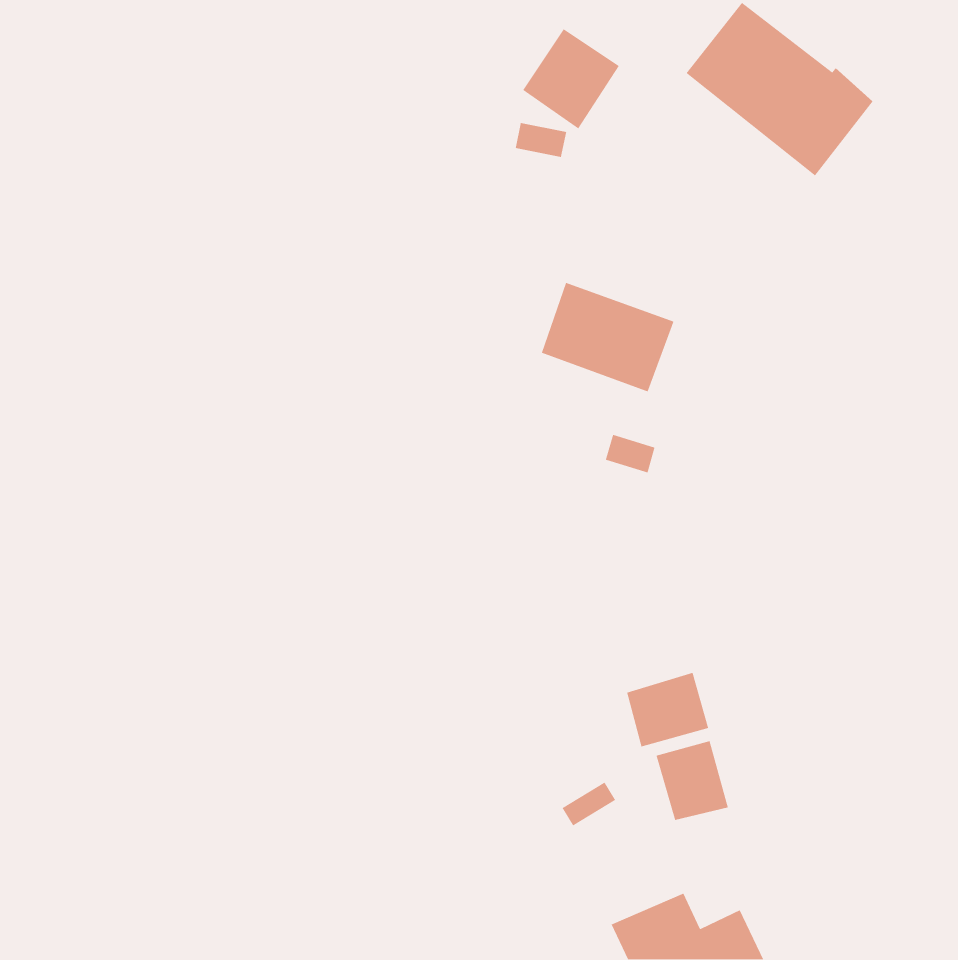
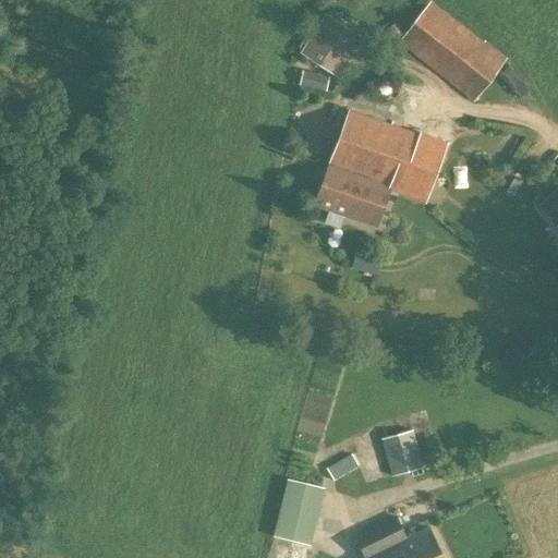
building: none -> [329,111,447,202]
building: [626,672,709,748] -> none
building: none -> [274,478,326,545]

